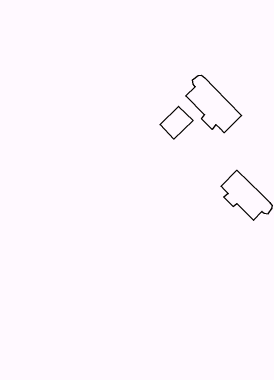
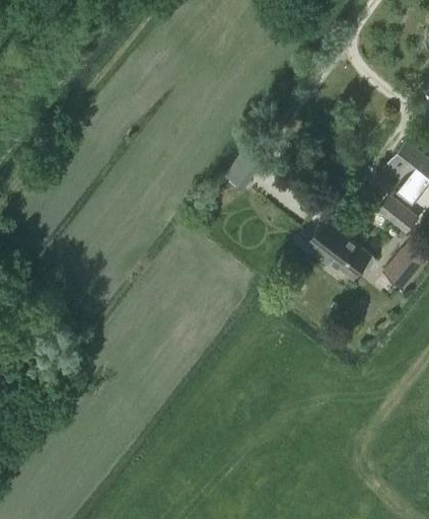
building: [186,75,242,133] -> none

